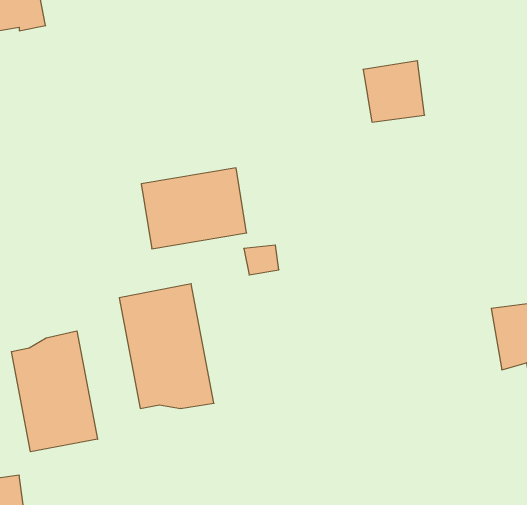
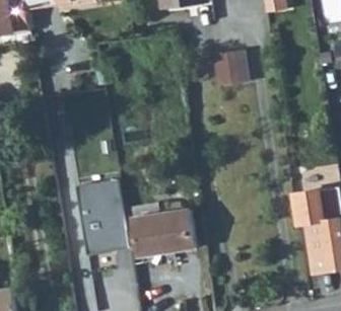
building: [141,168,247,249] -> [132,209,193,255]
building: [11,331,98,452] -> none

